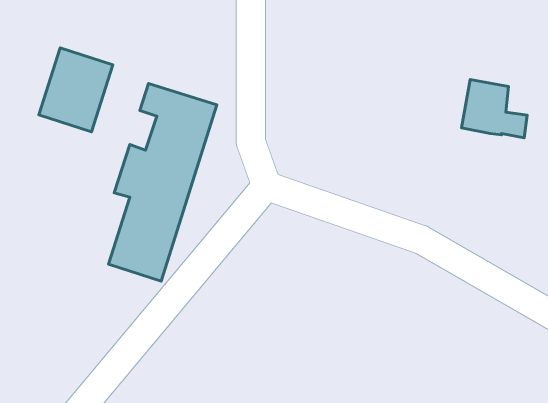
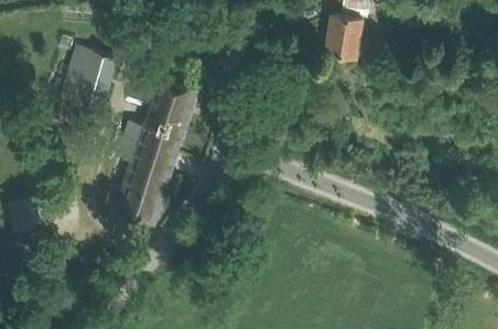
building: [462,79,527,138] -> [325,13,376,58]

